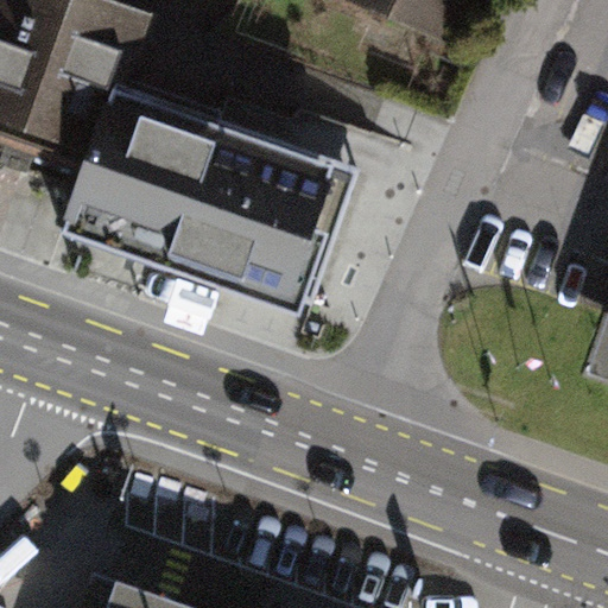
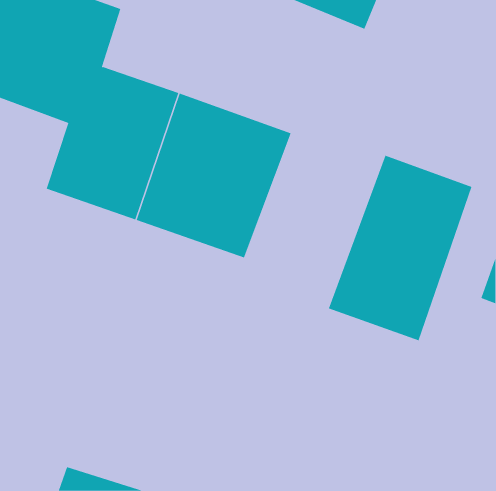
building: none -> [328,155,472,341]

